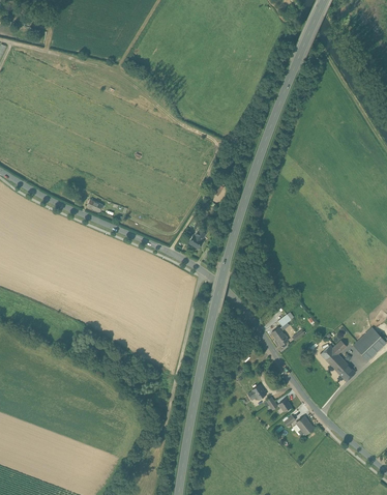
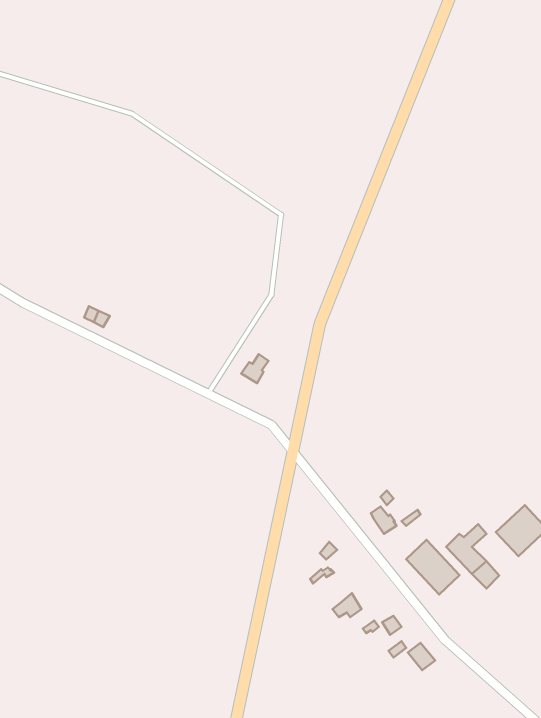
building: none -> [406,540,460,595]

